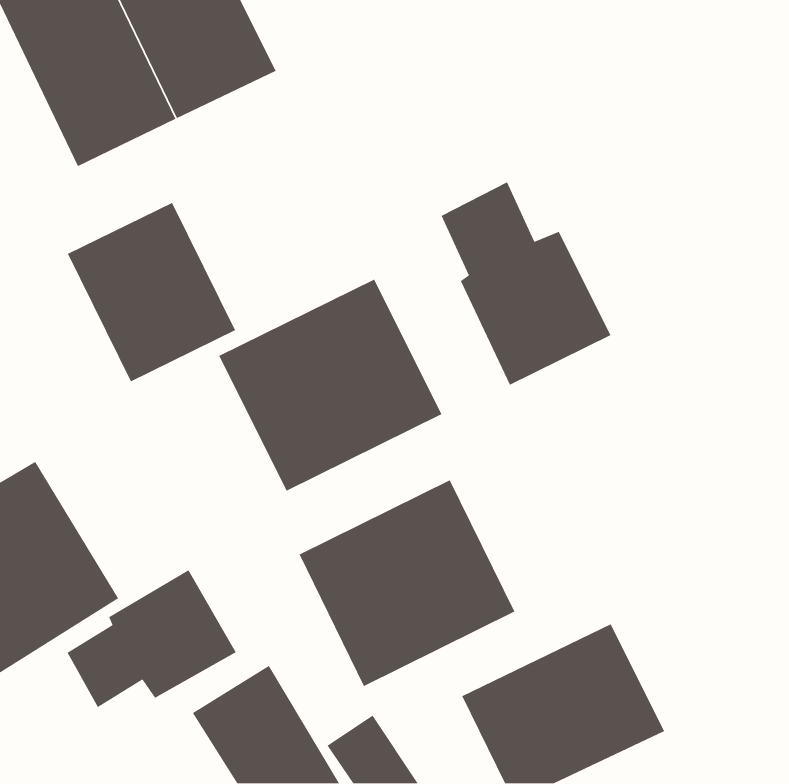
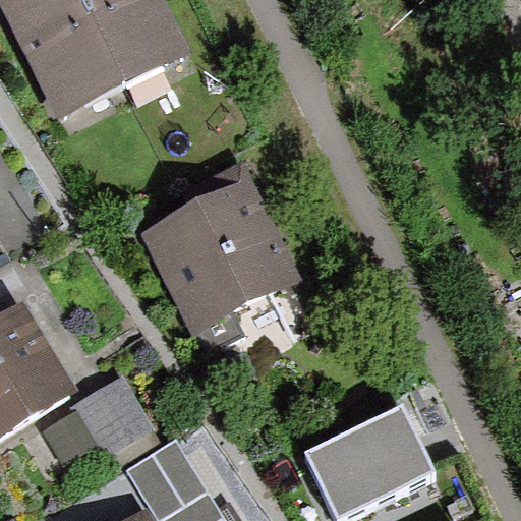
building: [441,181,612,386] -> none
building: [67,202,236,382] -> none
building: [298,479,515,687] -> none

